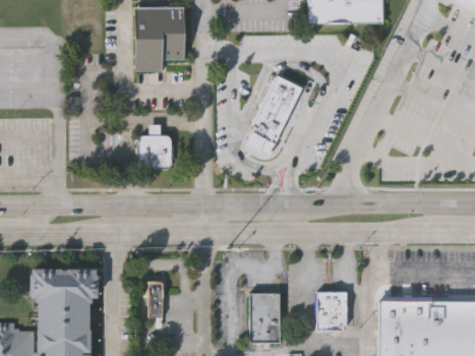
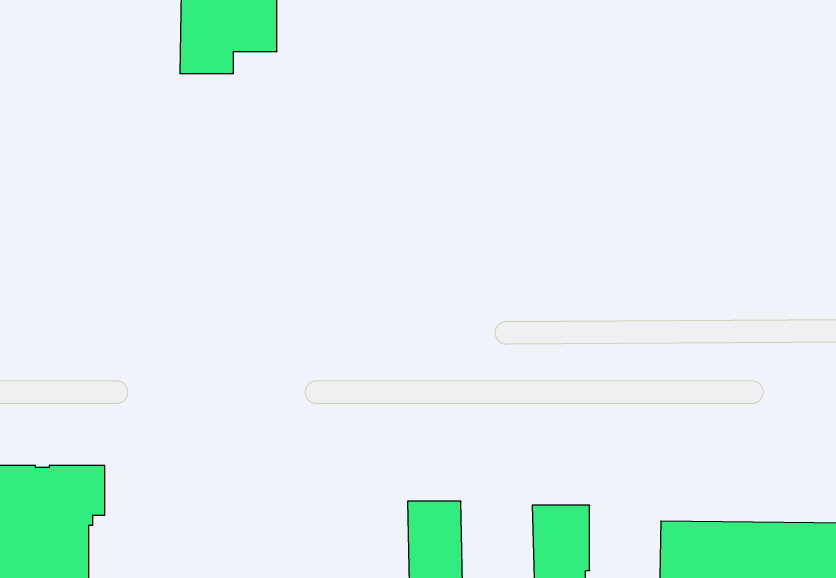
building: [247,75,303,155] -> none
building: [139,124,173,169] -> none
building: [149,282,164,317] -> none

